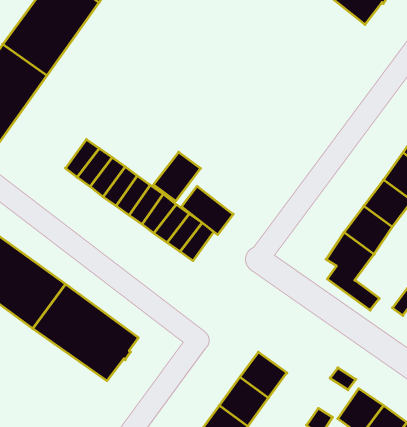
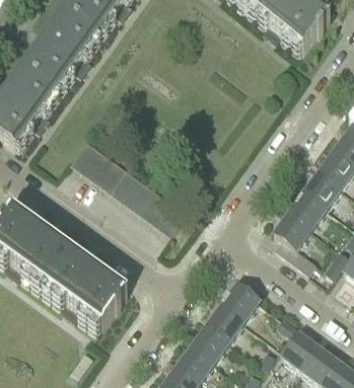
building: [154,152,201,201] -> none
building: [182,186,233,235] -> none
building: none -> [220,285,258,322]

